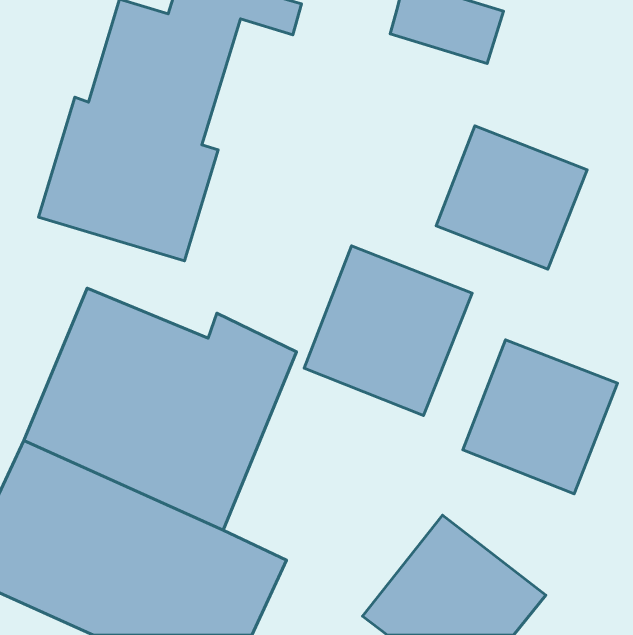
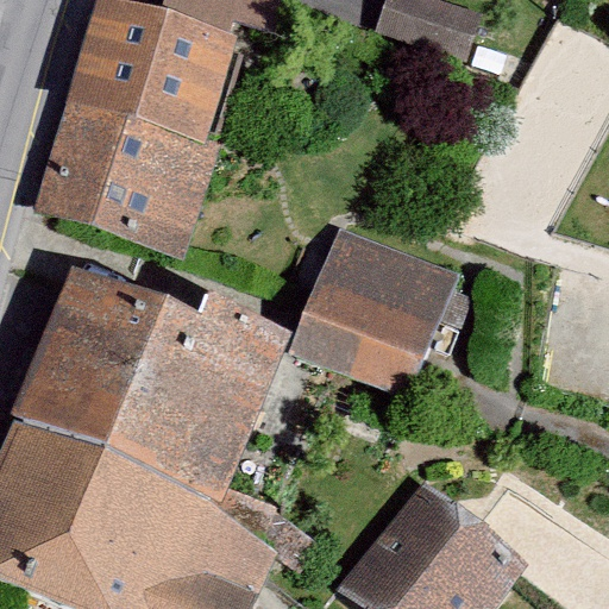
building: [436,126,587,269] -> none
building: [463,340,617,494] -> none

